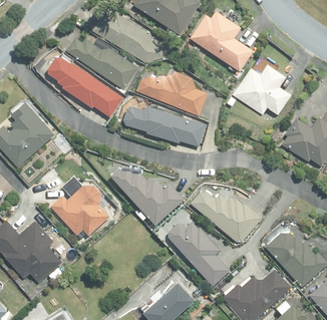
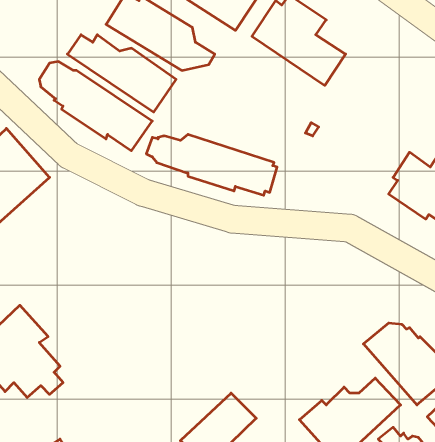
building: [232,63,290,114] -> none
building: [135,69,207,115] -> none
building: [109,168,184,225] -> none
building: [50,184,108,236] -> none
building: [190,190,261,242] -> none
building: [168,221,230,286] -> none

